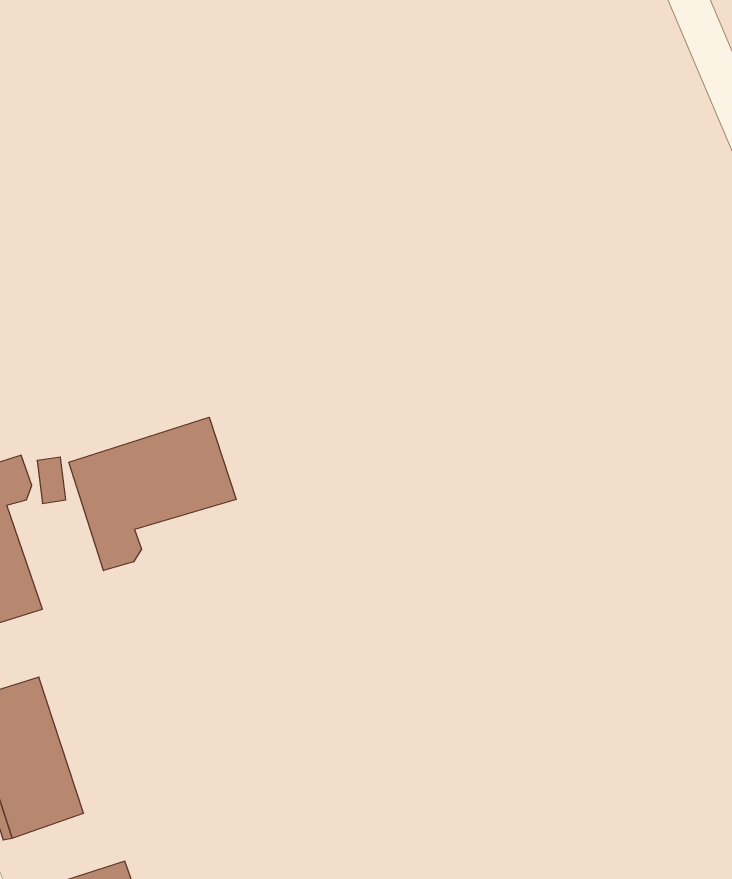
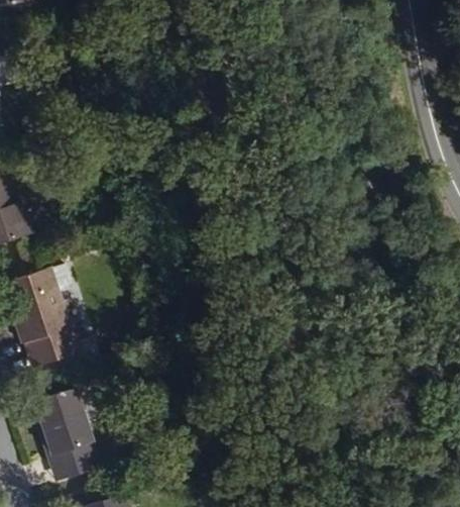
building: [69,417,236,571] -> none

